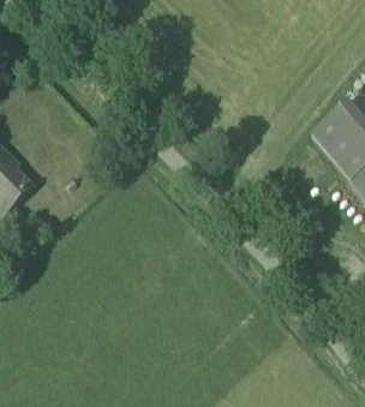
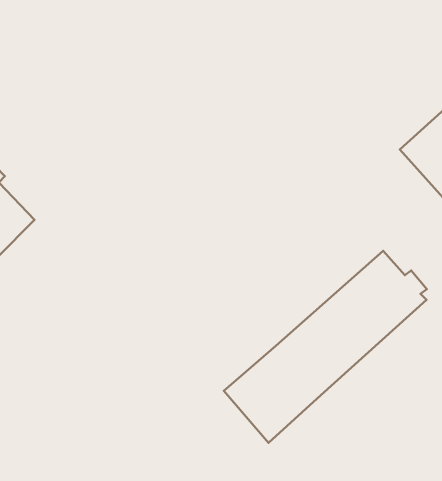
building: none -> [224,251,427,443]

